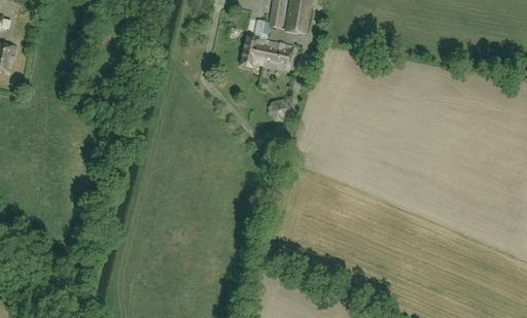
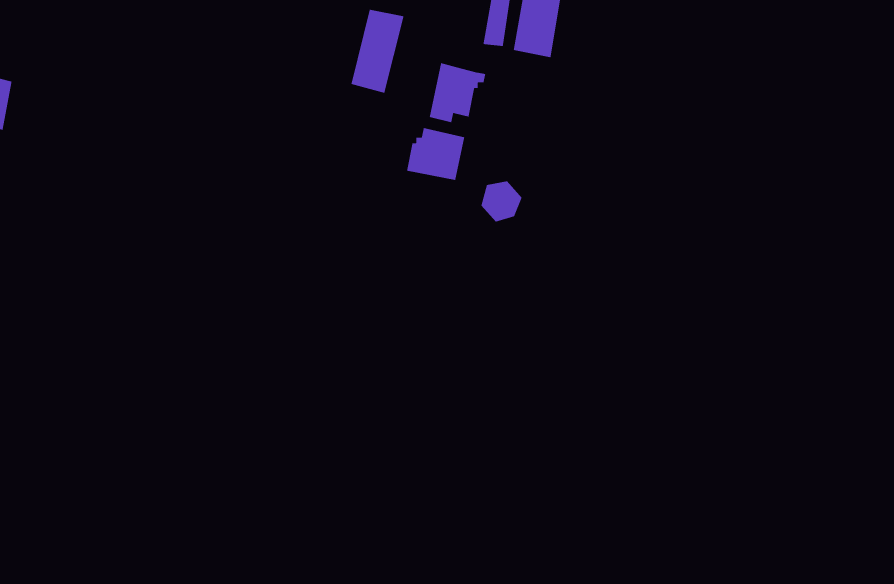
building: none -> [351,9,404,94]
building: [261,41,293,70] -> [406,127,465,181]

